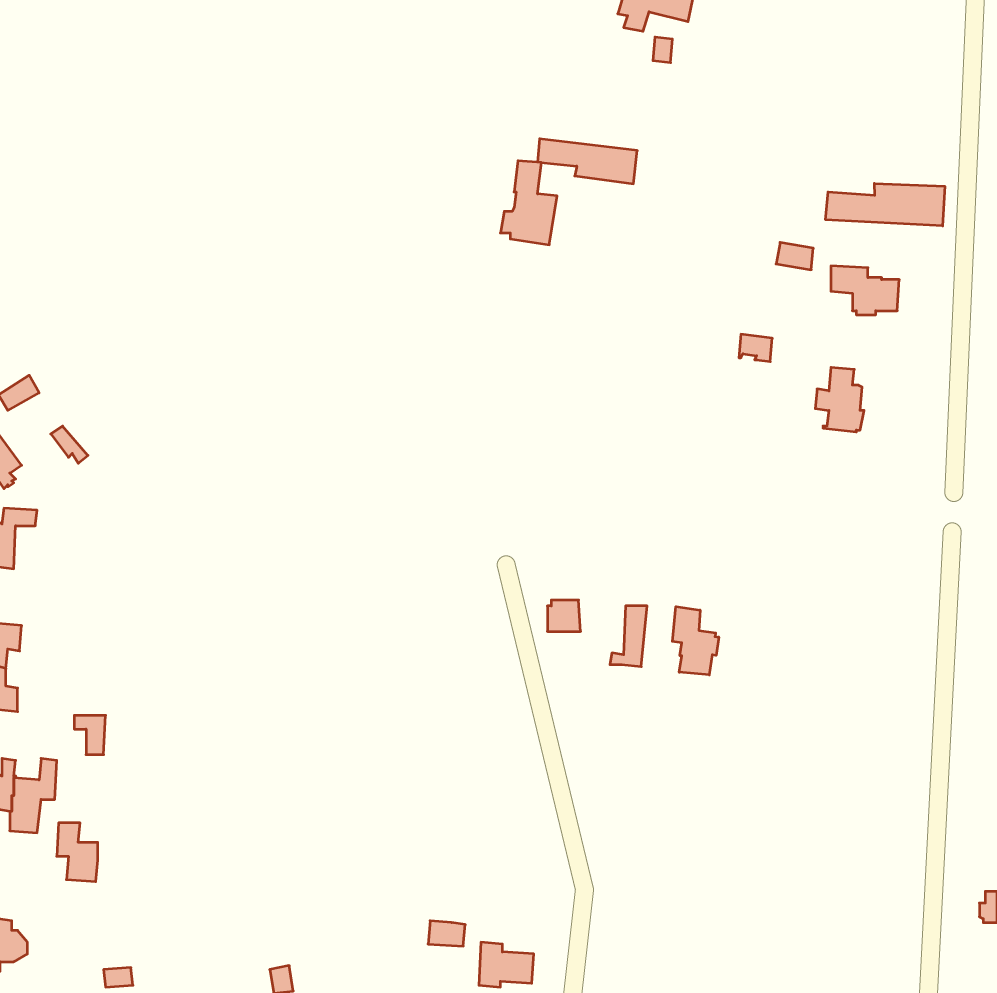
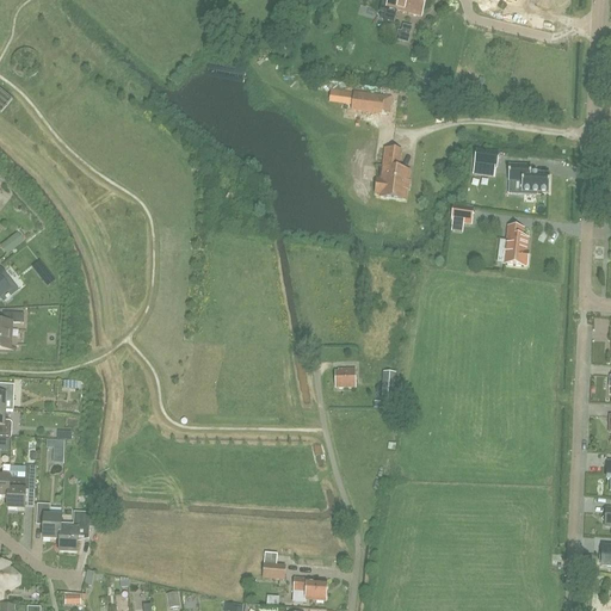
building: [500,161,557,245] -> [374,147,408,198]
building: [826,183,945,226] -> none
building: [672,607,719,675] -> none
building: none -> [57,511,90,551]

